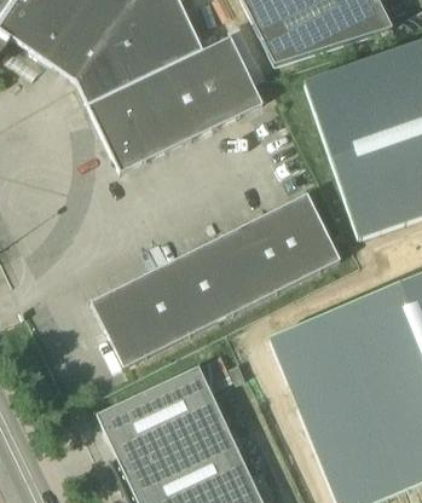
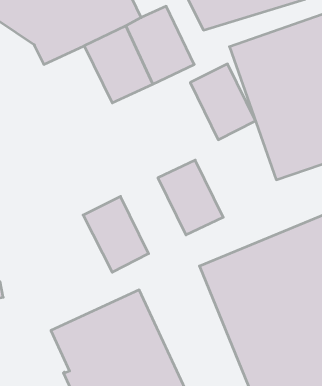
building: [88,80,168,169] -> none
building: [265,191,341,279] -> [190,64,256,140]
building: [178,233,254,322] -> none
building: [91,277,168,365] -> none

